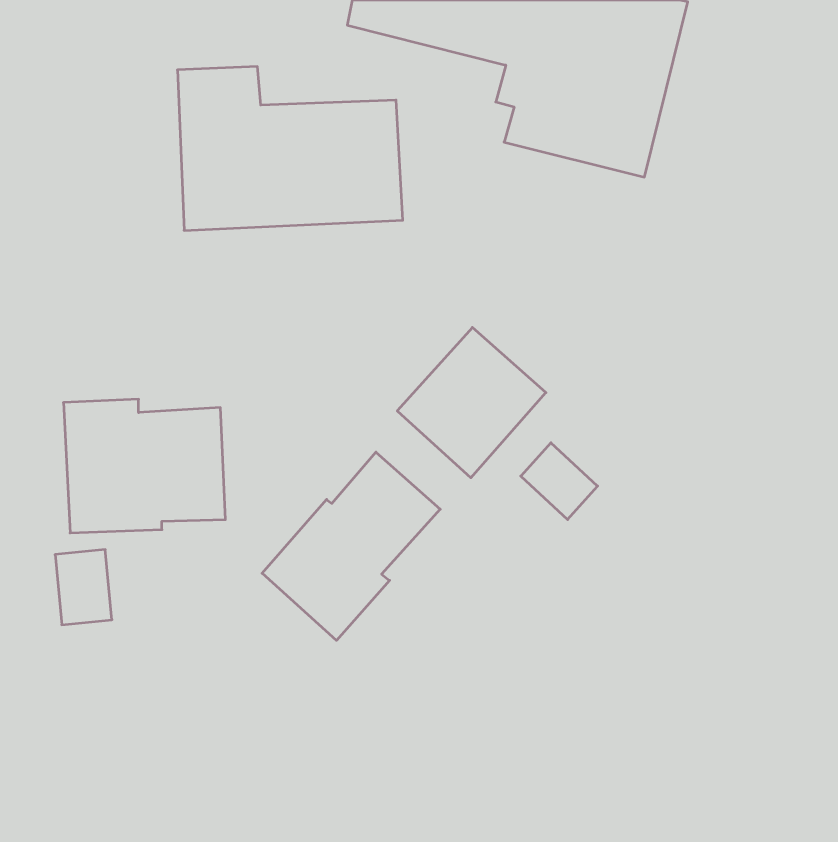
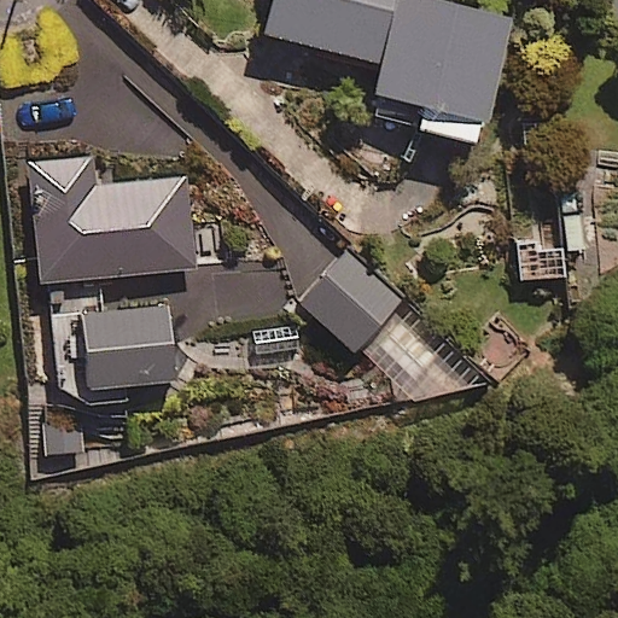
building: [177,67,403,230] -> [37,159,200,278]
building: [262,452,440,640] -> none

